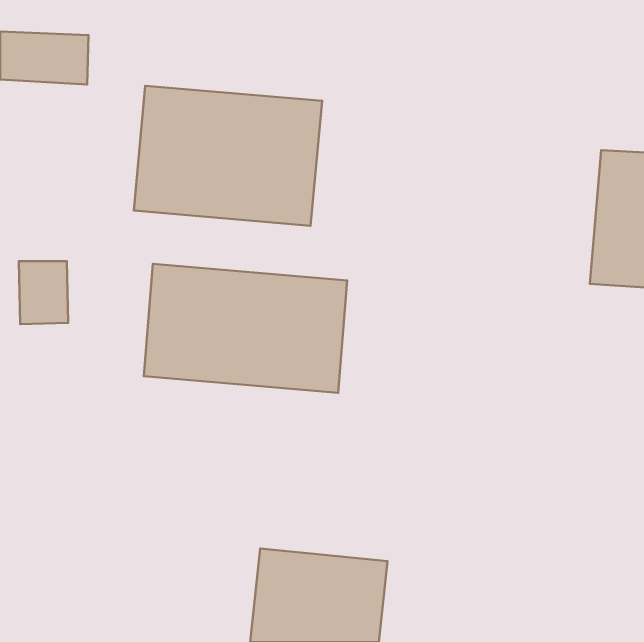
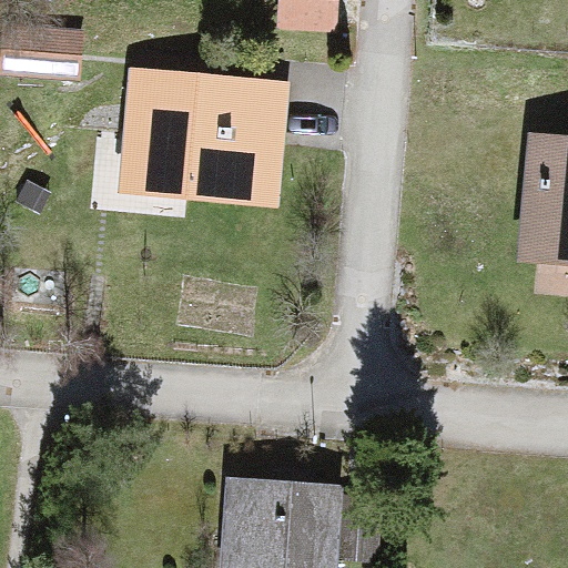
building: [144,264,347,393] -> none

